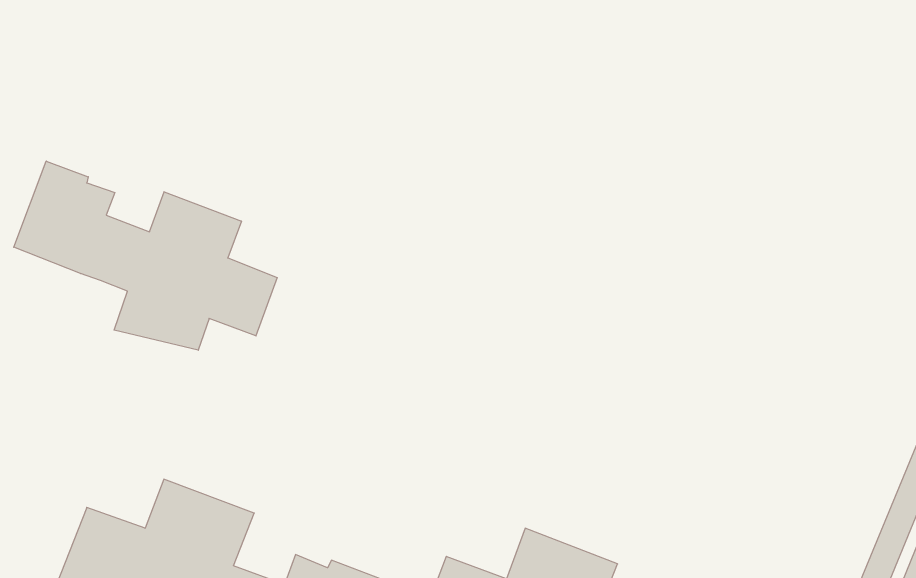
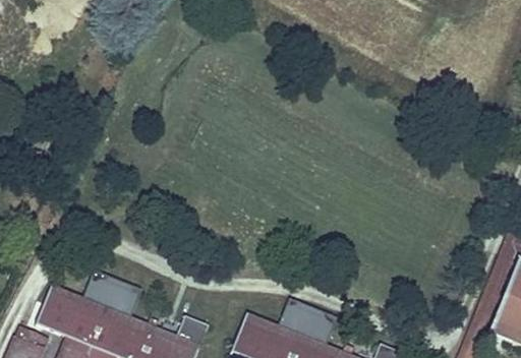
building: [14,161,277,350] -> none

